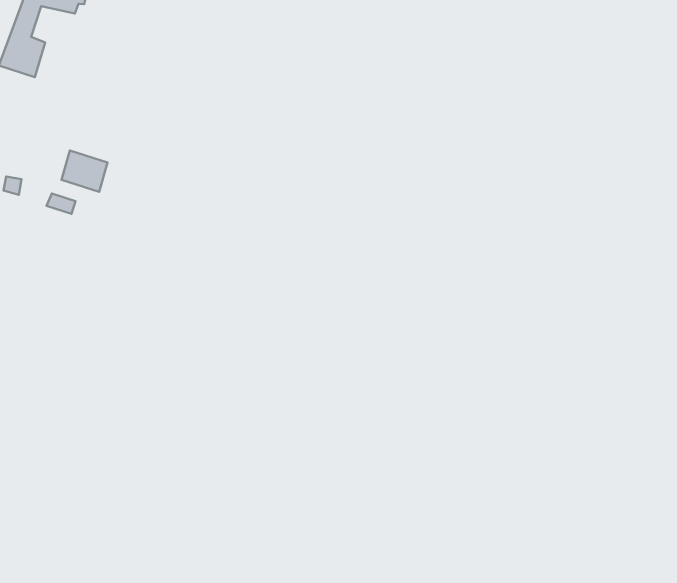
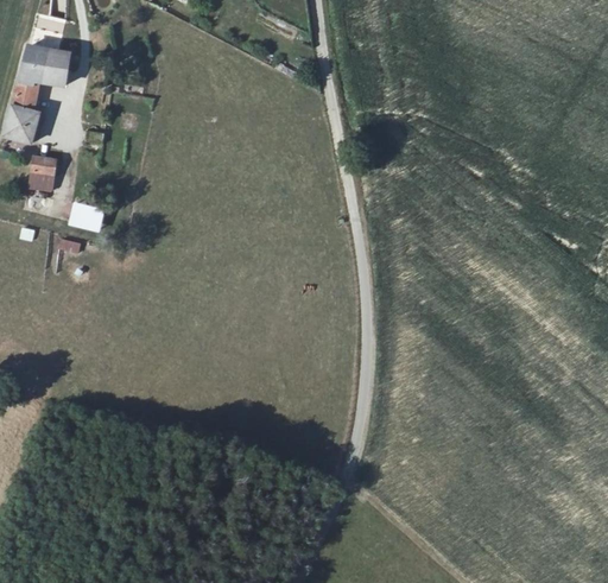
building: none -> [28,157,58,190]

